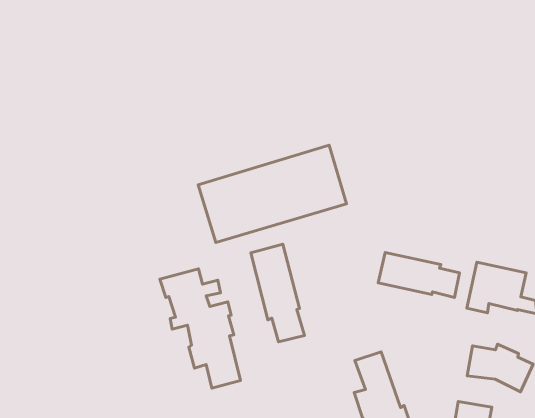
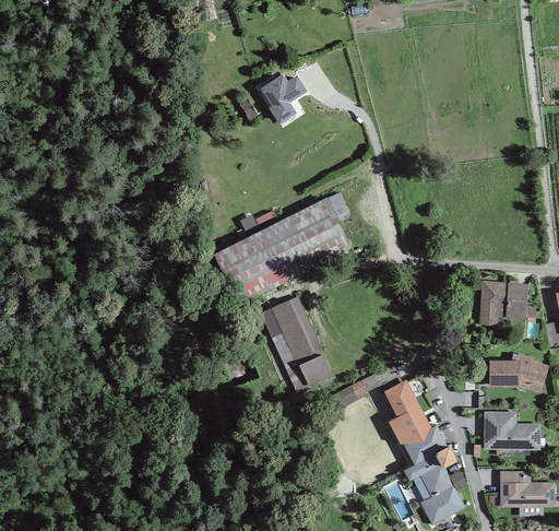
building: none -> [261,78,305,125]
building: [378,252,459,297] -> none
building: [160,269,241,388] -> none

